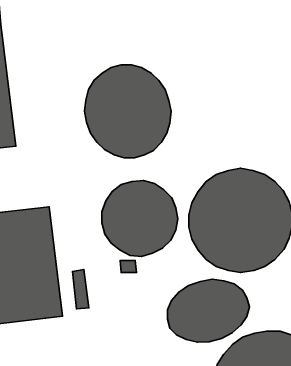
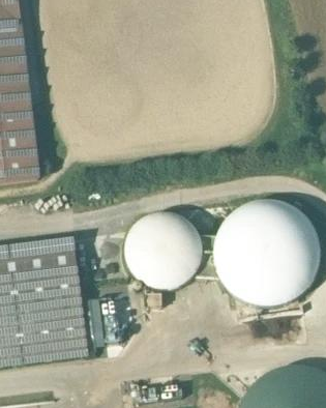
building: [84,65,171,158] -> none
building: [168,279,249,342] -> none

